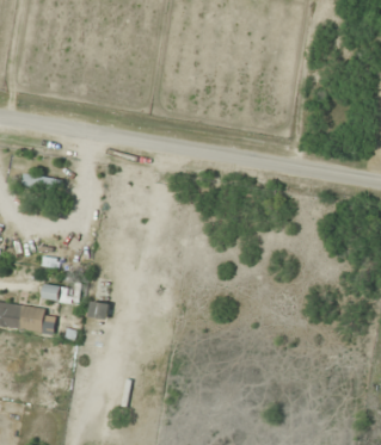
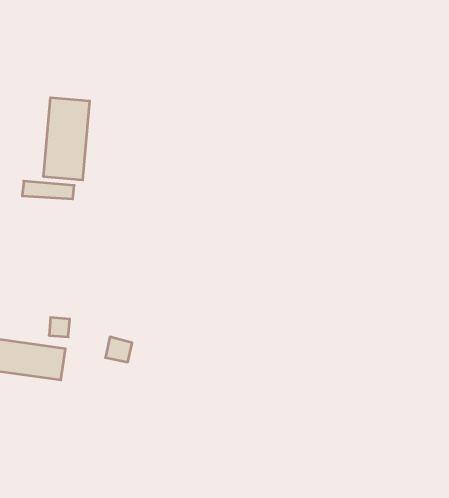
building: none -> [44,98,90,180]

